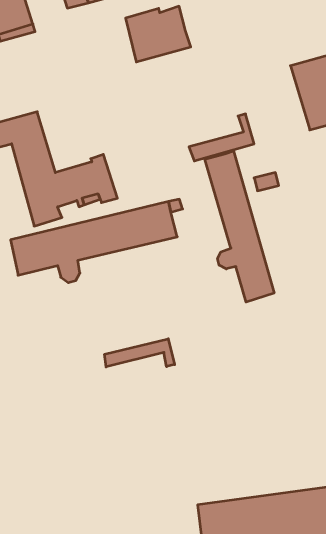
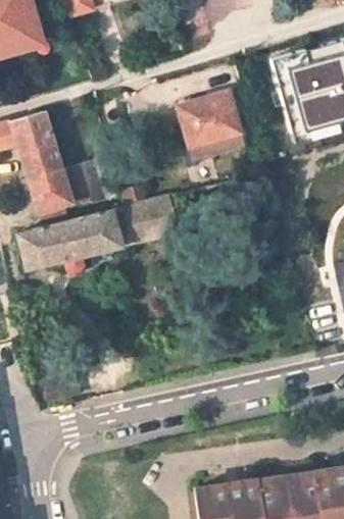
building: [126,6,191,62] -> [177,93,239,146]
building: [205,151,274,302] -> none
building: [105,339,175,367] -> none

